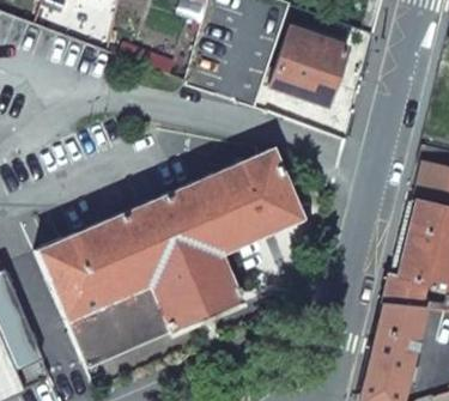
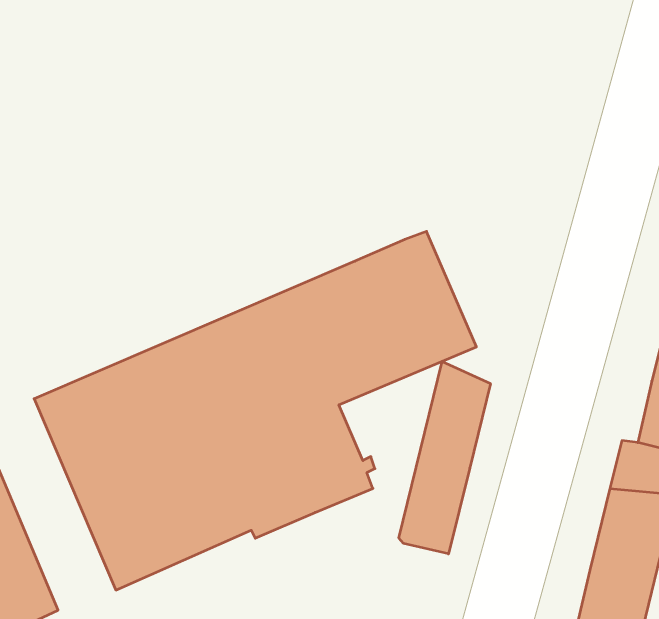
building: [272,28,346,105] -> none
building: none -> [399,361,490,554]

